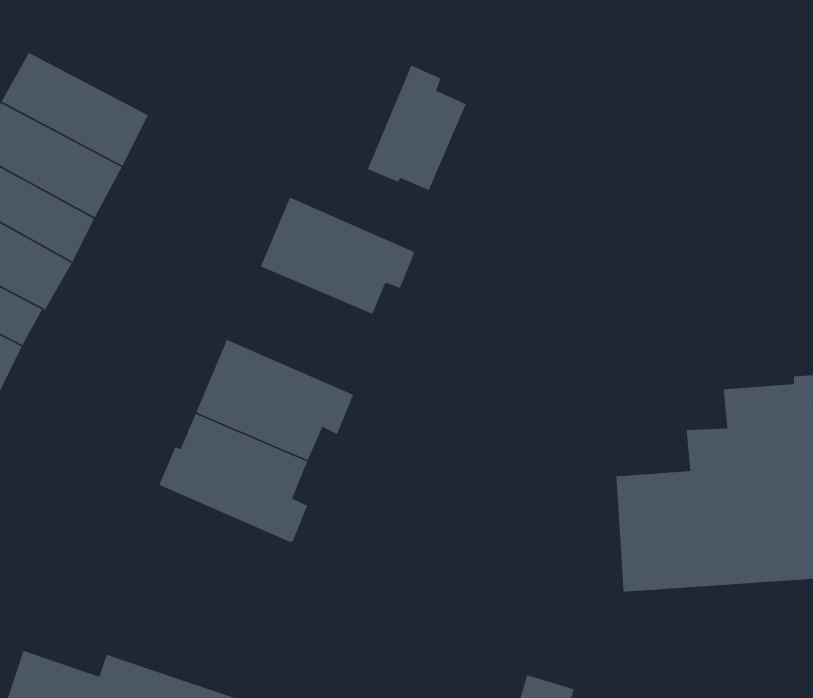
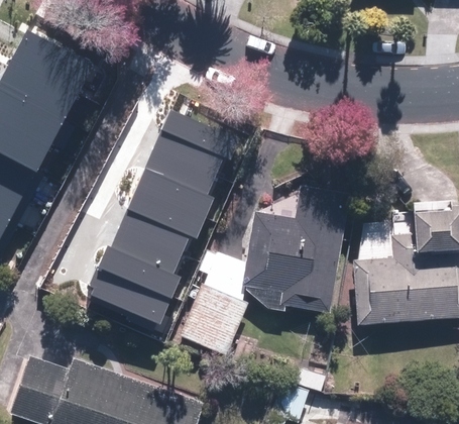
building: [367,65,467,191] -> none
building: none -> [137,146,217,216]
building: none -> [239,184,348,313]
building: none -> [89,264,171,323]
building: none -> [177,284,245,355]

